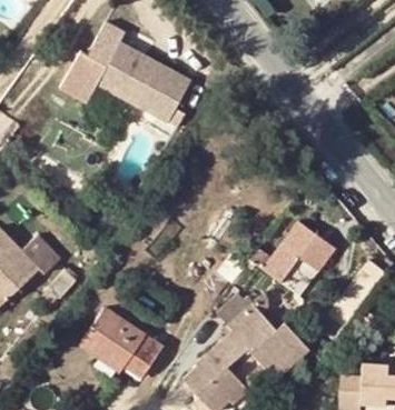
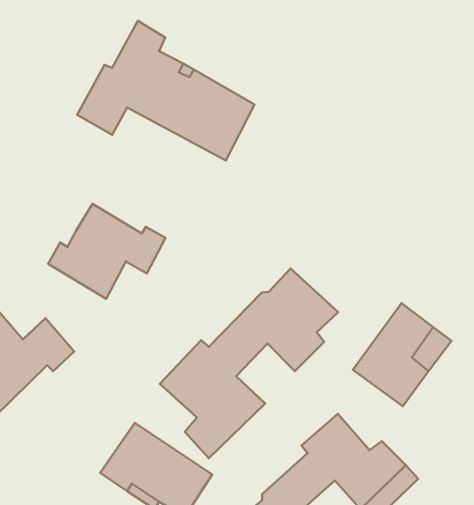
building: none -> [48,204,165,299]
building: none -> [160,268,338,458]

